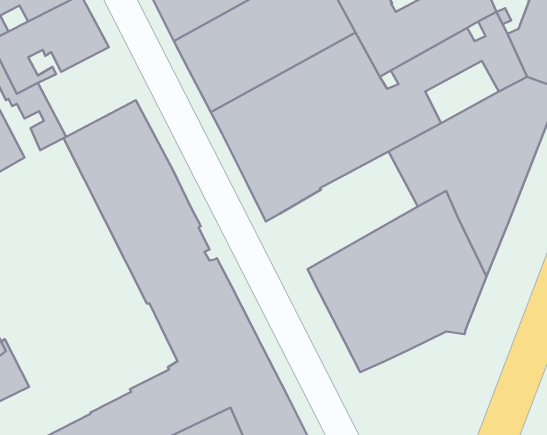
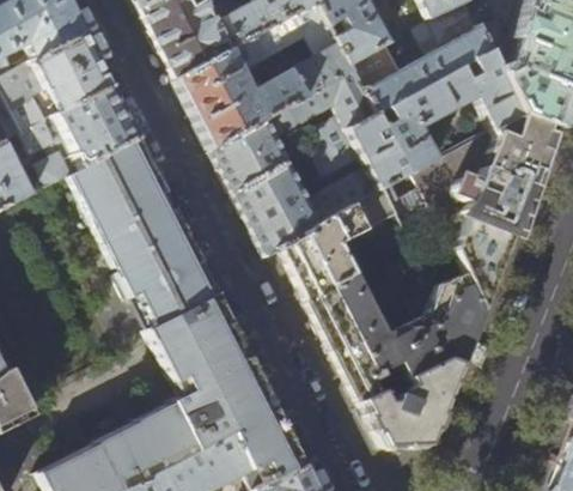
building: none -> [47,85,142,172]
building: none -> [282,187,417,302]
building: none -> [361,363,463,447]

